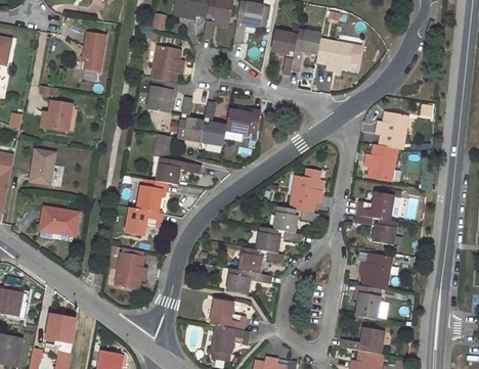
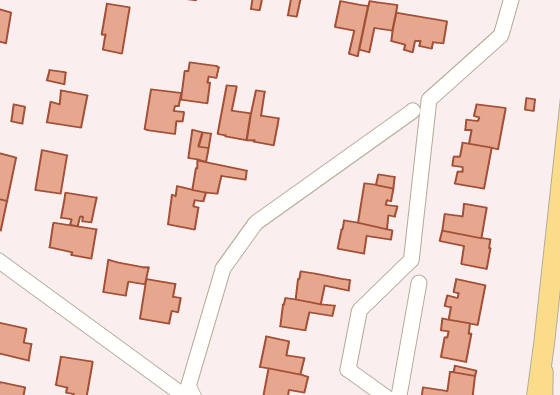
building: [150,46,182,82] -> [145,89,184,134]
building: [224,108,259,134] -> none
building: none -> [61,193,97,227]
building: [125,206,162,235] -> [103,260,149,296]
building: [255,226,300,252] -> none

